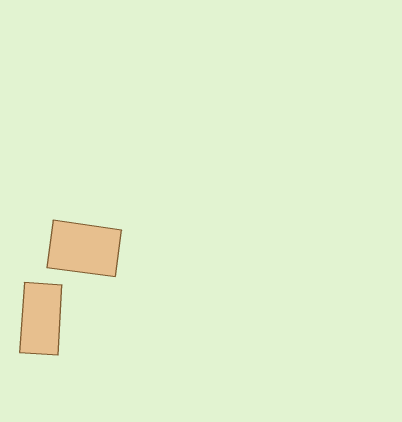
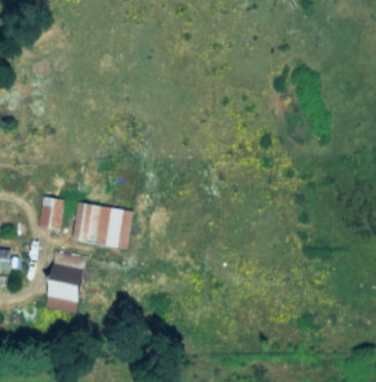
building: none -> [38,196,65,229]

